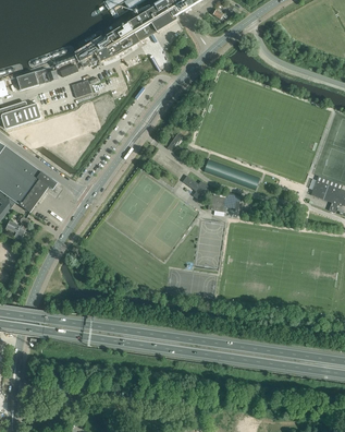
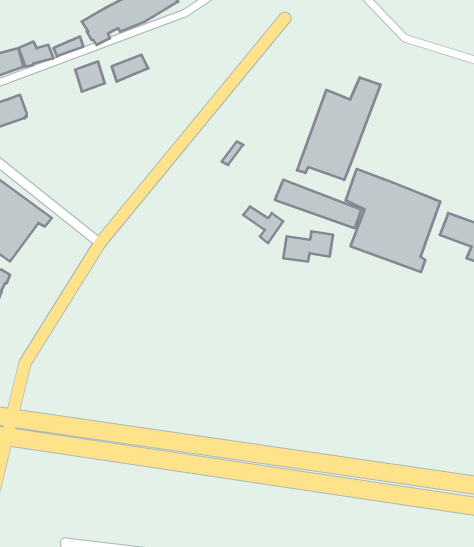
building: none -> [297,77,380,180]
building: none -> [346,169,440,272]

